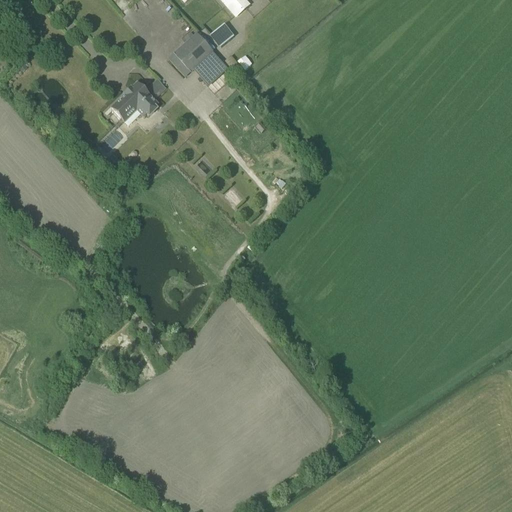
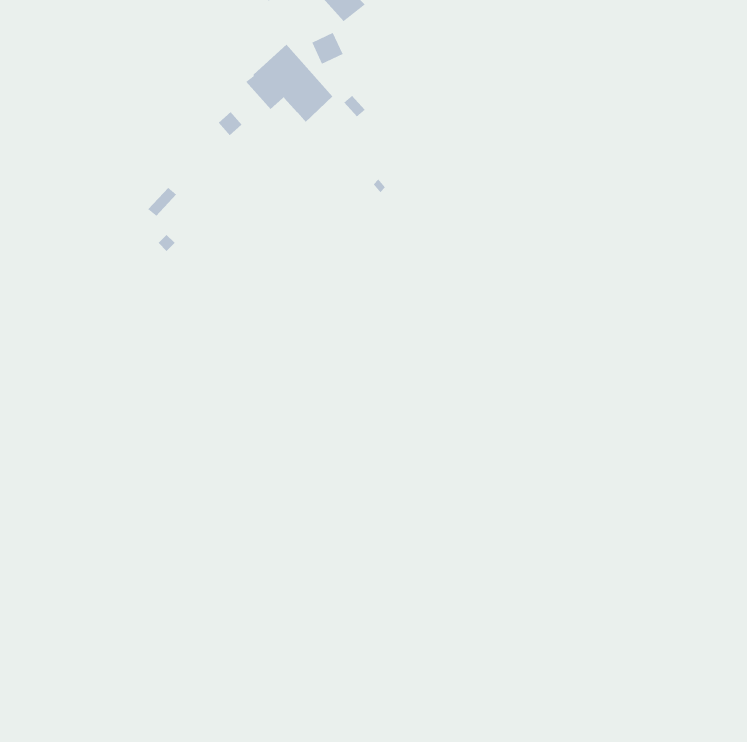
building: [111,82,157,122] -> none

